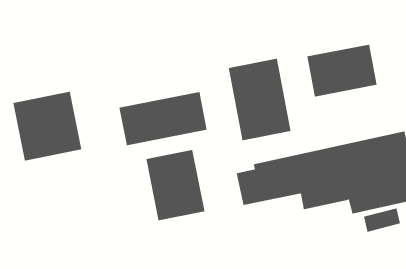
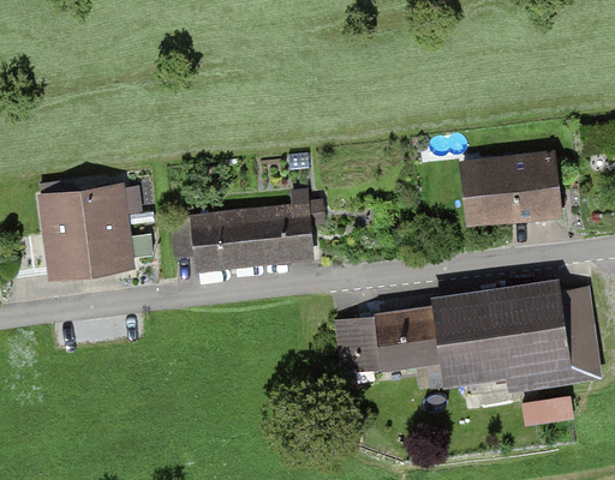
building: [228,58,291,141] -> none
building: [146,149,205,221] -> none

